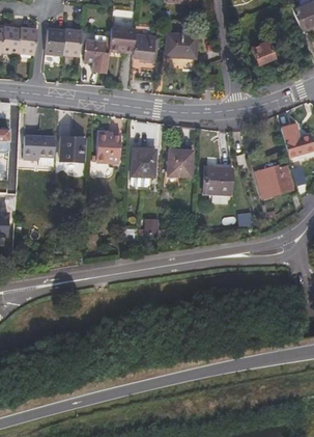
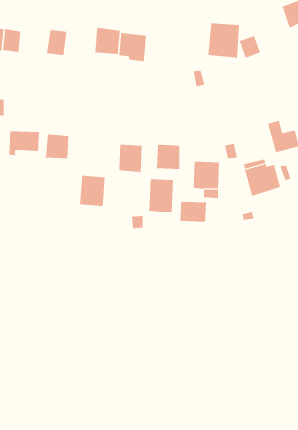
building: [45,32,64,58] -> none
building: [167,35,199,71] -> [207,23,240,58]
building: [84,42,109,76] -> none
building: [96,130,122,161] -> [79,175,105,207]
building: none -> [149,179,174,213]
building: none -> [180,201,207,223]

